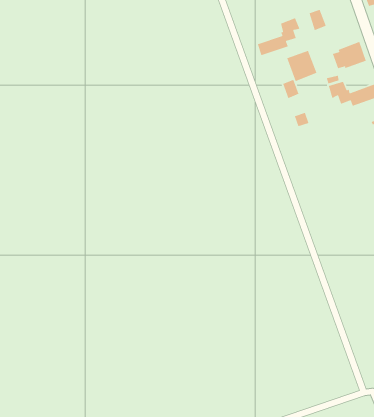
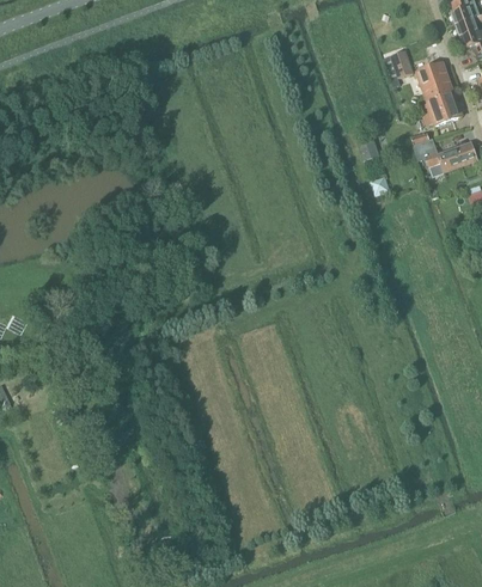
building: [257,17,301,56] -> none
building: [286,50,317,82] -> [414,60,452,99]

